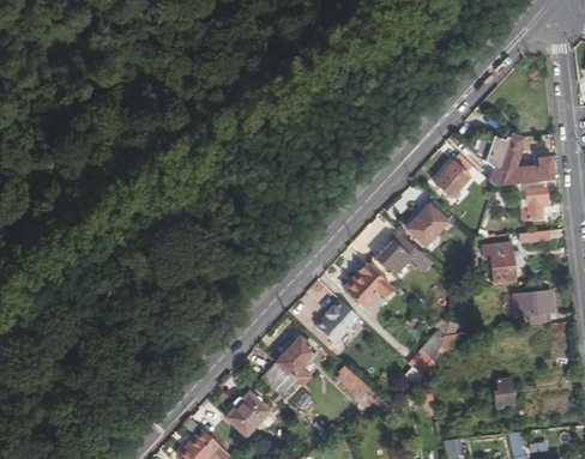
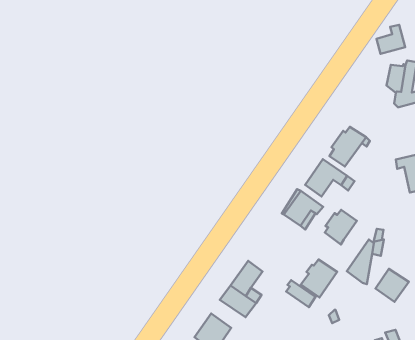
building: none -> [376,25,405,54]
building: [434,153,474,198] -> none
building: none -> [325,210,357,244]
building: [316,300,360,343] -> [301,260,337,298]
building: none -> [375,269,409,302]

